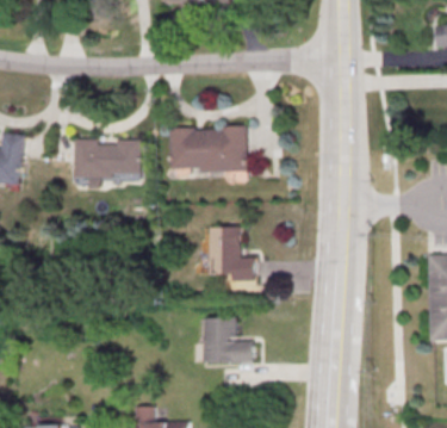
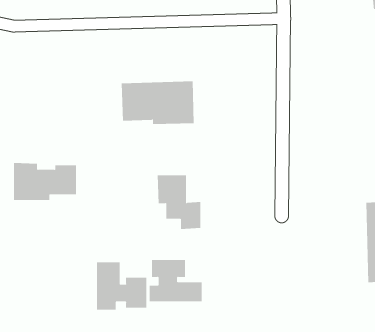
building: [74,137,142,178] -> [13,163,77,200]
building: none -> [96,262,147,310]

